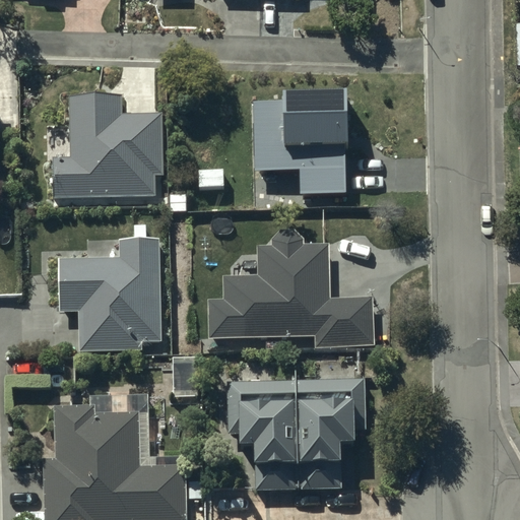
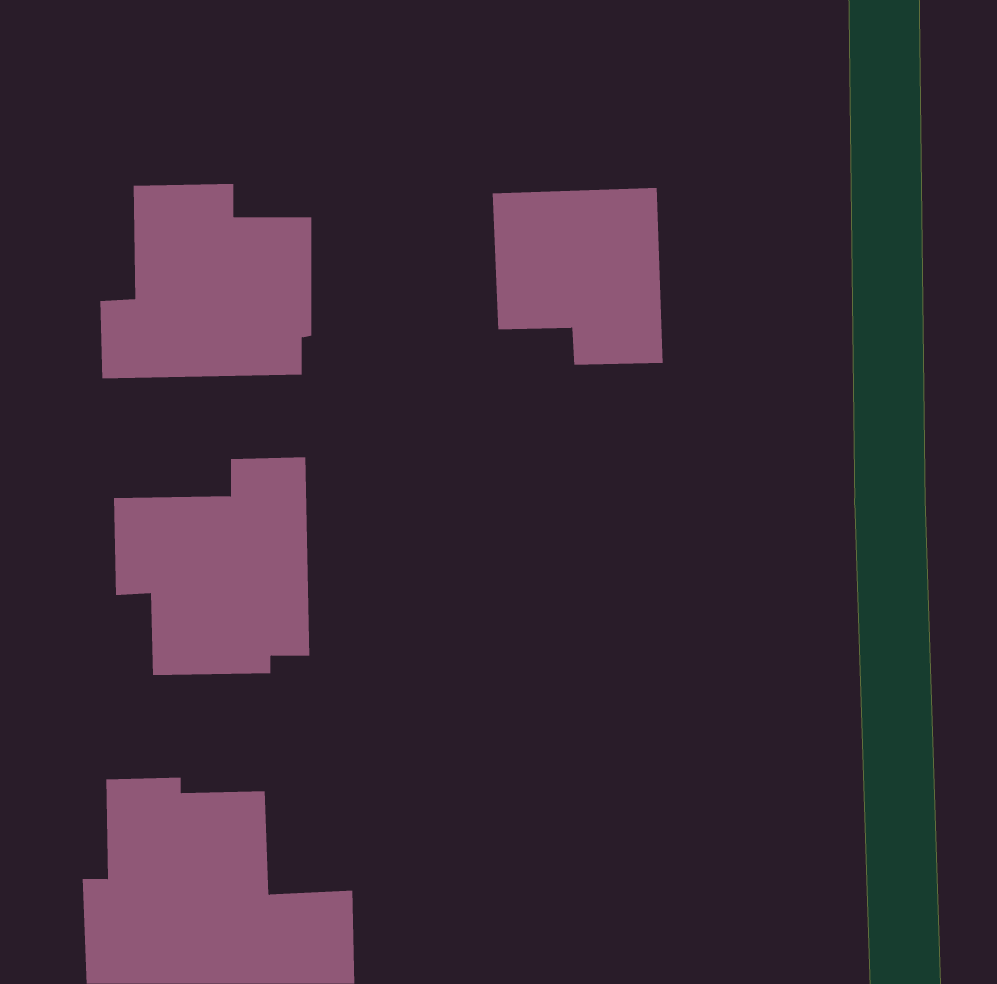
building: [208,230,374,344] -> none
building: [228,378,366,491] -> none

